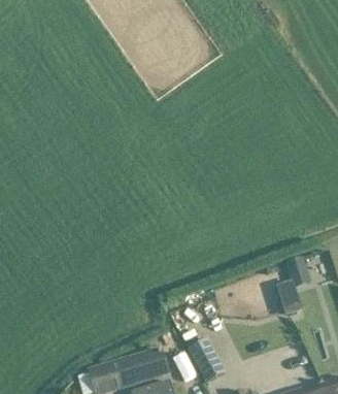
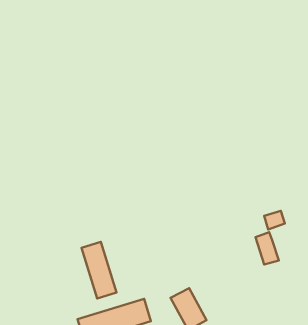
building: none -> [82,242,116,298]

